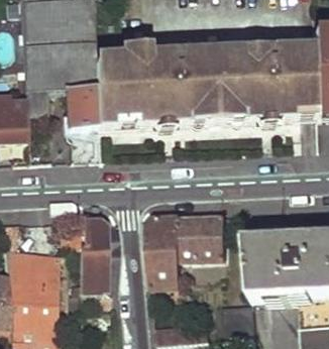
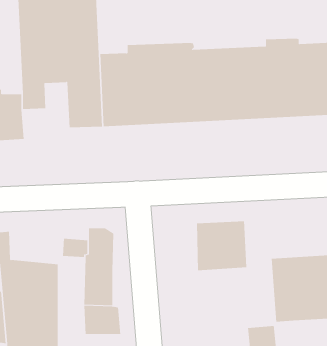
building: [146,210,182,281] -> none

